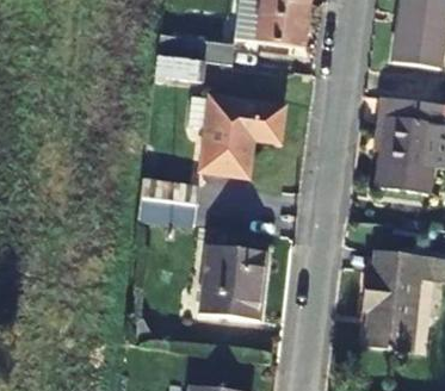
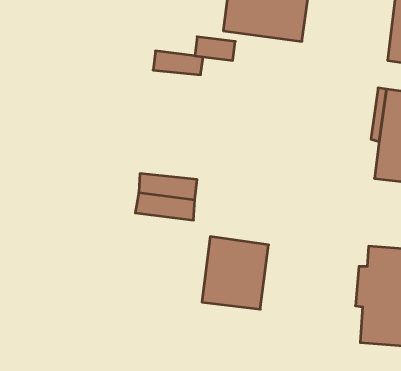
building: [191,97,285,176] -> none

